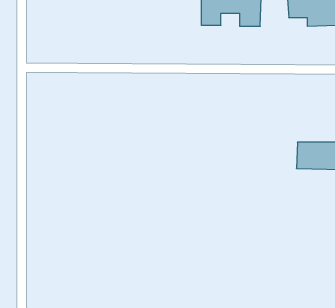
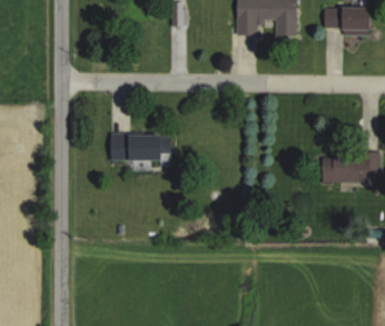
building: none -> [110,132,165,160]

